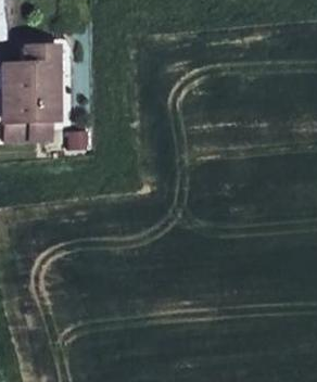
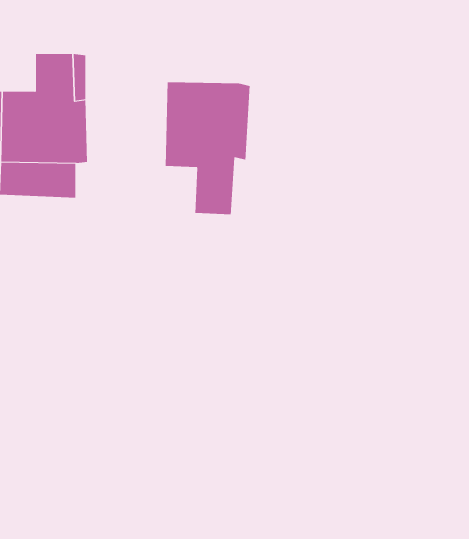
building: none -> [165,81,250,215]

